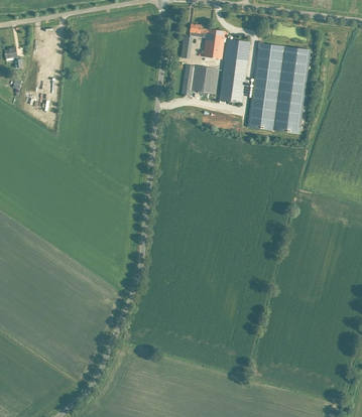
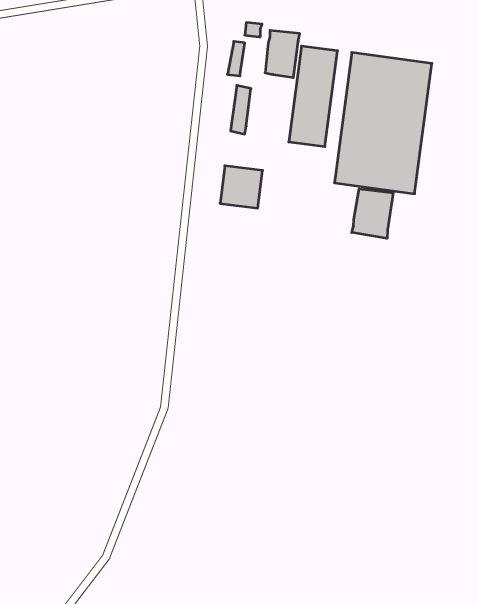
building: [192,66,219,94] -> [220,166,263,208]
building: none -> [352,189,393,238]

